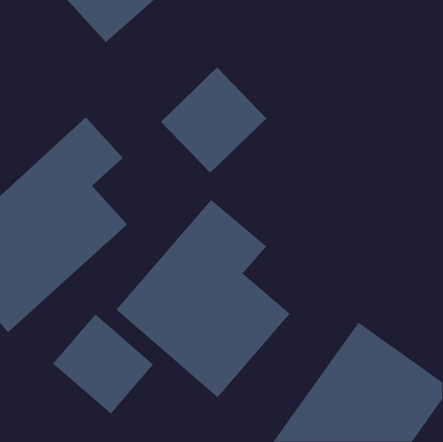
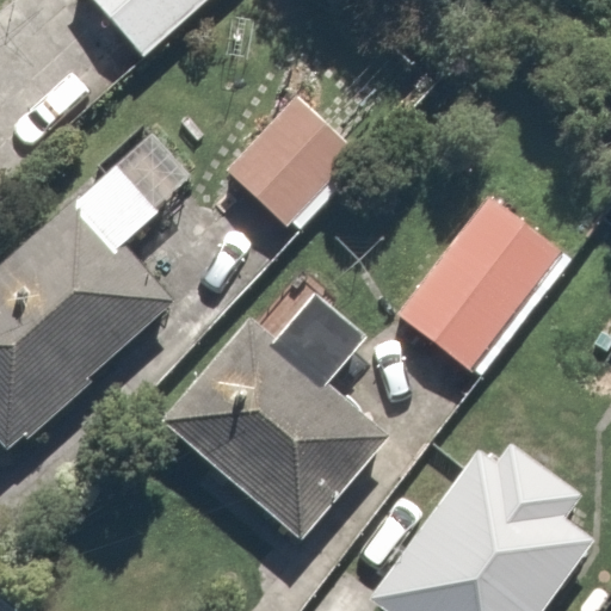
building: none -> [389,181,579,383]
building: [52,314,154,414] -> none

